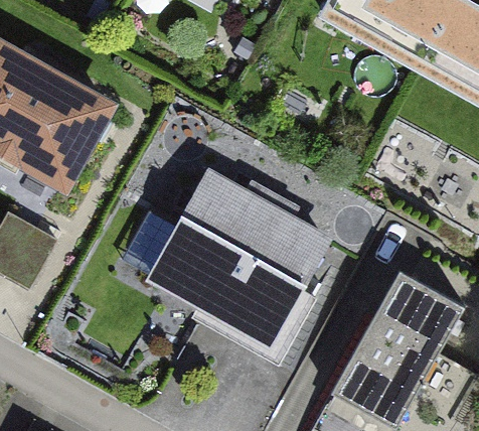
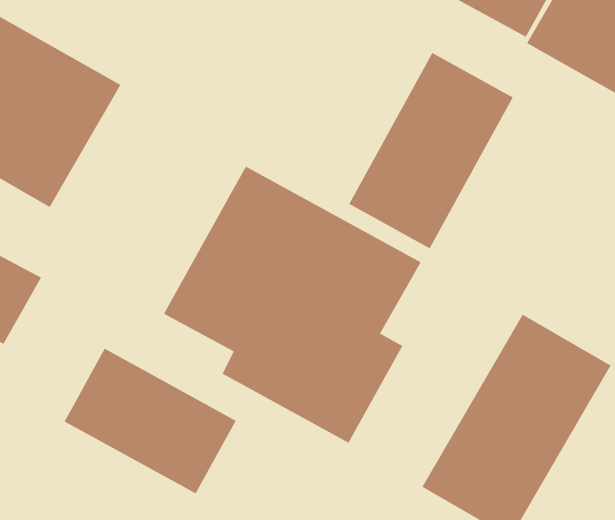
building: none -> [349,52,513,249]
building: none -> [64,348,237,494]

